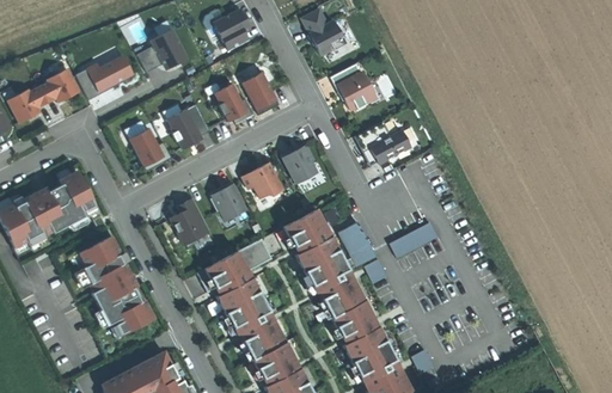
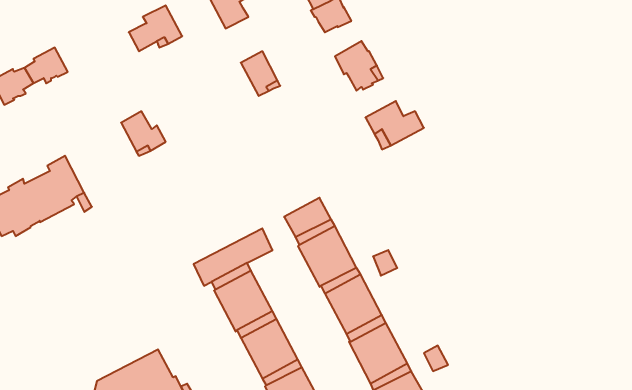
building: [76,55,134,99] -> none
building: [215,84,253,122] -> none
building: [167,103,210,148] -> none
building: [282,146,318,183] -> none
building: [243,162,283,197] -> none
building: [213,182,247,220] -> none
building: [172,197,212,245] -> none
building: [339,221,377,265] -> none
building: [392,221,441,256] -> none
building: [80,235,155,333] -> none

